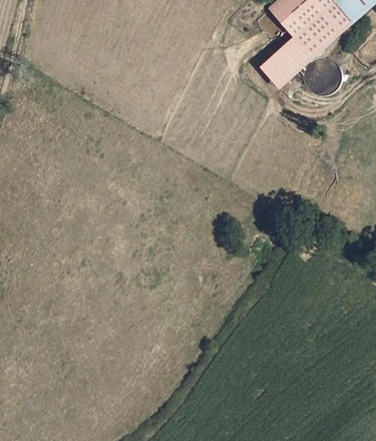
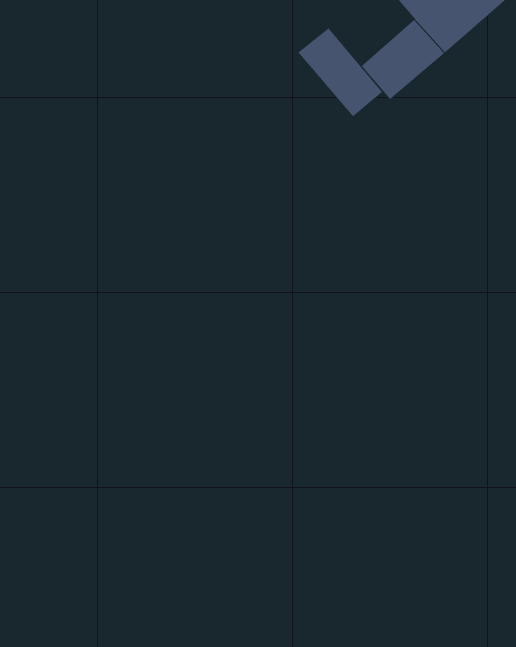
building: none -> [297,28,383,117]

